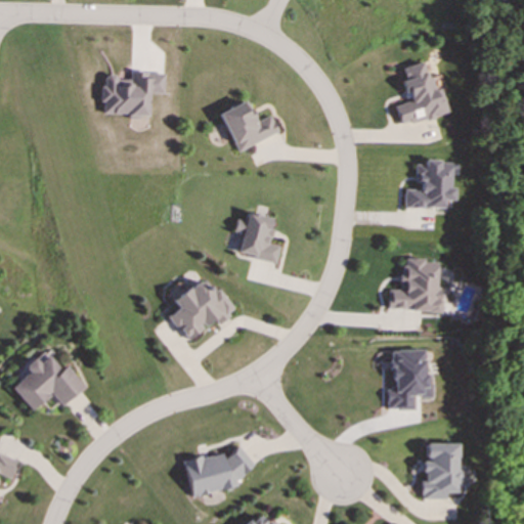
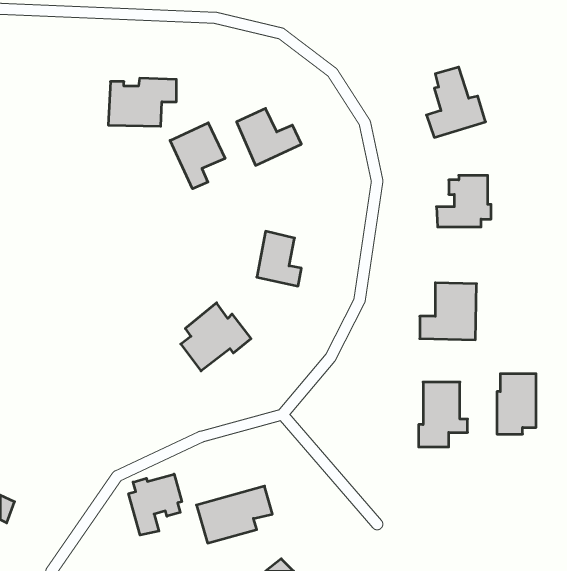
building: none -> [170,123,225,189]
building: [12,355,85,410] -> none
building: none -> [129,474,182,535]
building: [424,443,460,498] -> [497,374,536,434]

